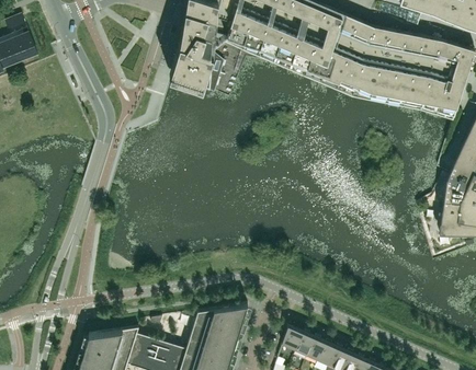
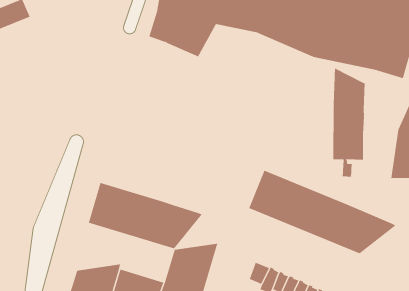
building: none -> [333,68,365,177]
building: none -> [249,170,397,254]
building: none -> [88,182,202,249]

